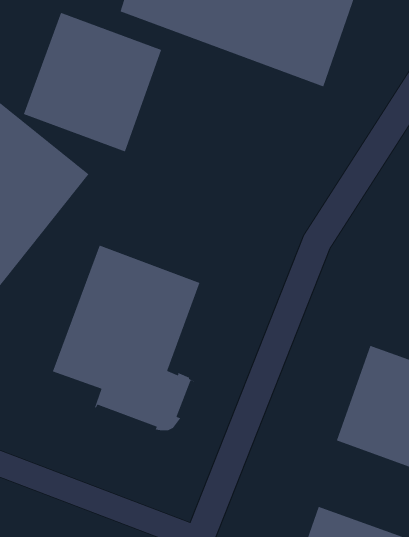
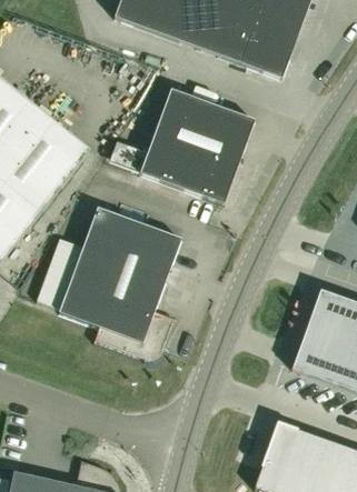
building: [23,12,162,152] -> [139,88,254,203]

